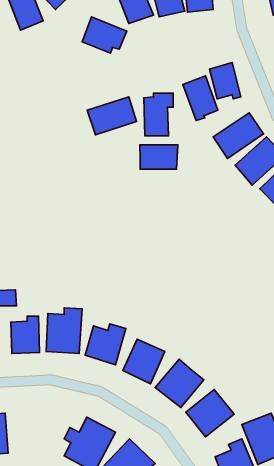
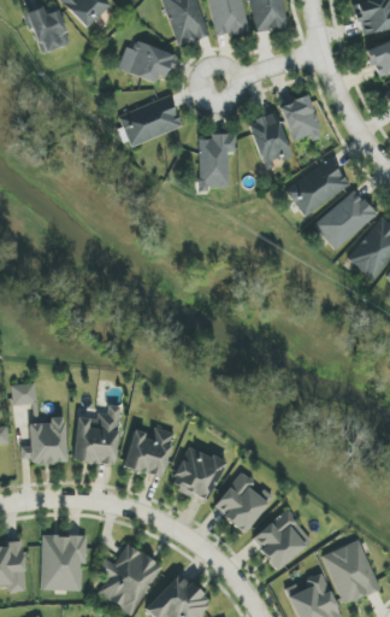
building: [87,97,136,135] -> [118,98,181,146]
building: [140,145,178,169] -> none
building: none -> [41,535,87,590]

